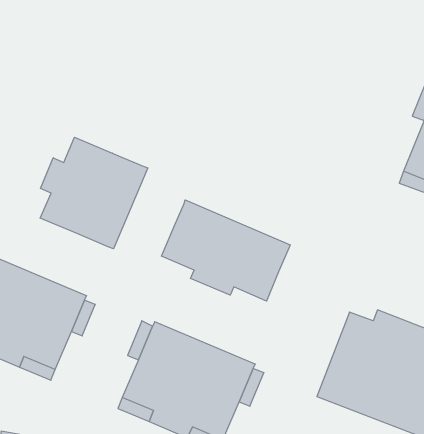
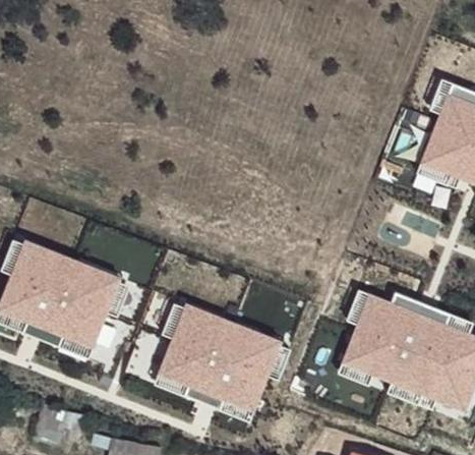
building: [40,137,148,249] -> none
building: [162,200,290,301] -> none

